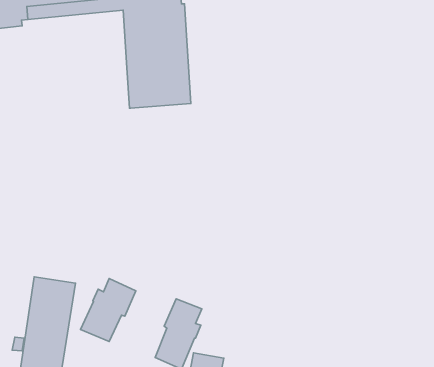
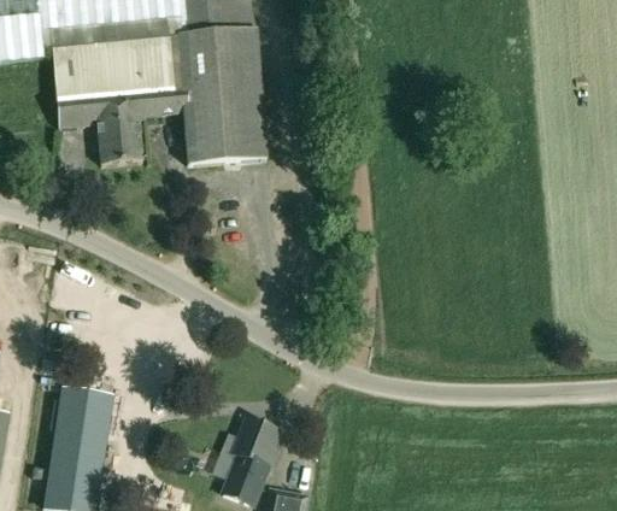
building: none -> [52,35,182,163]
building: [81,278,136,342] -> none

